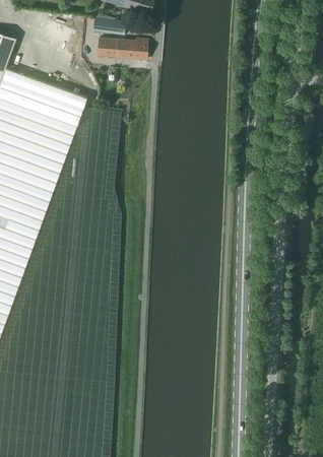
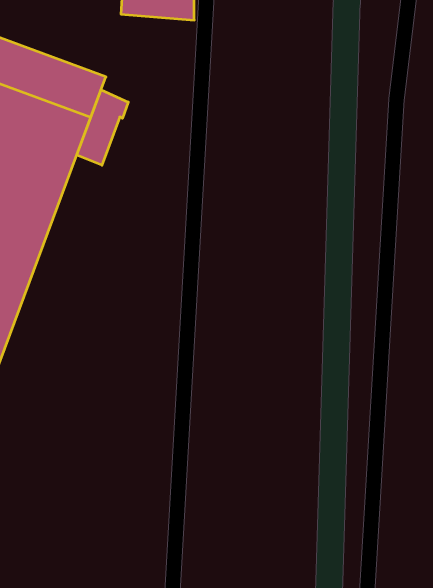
building: none -> [77,90,128,165]

